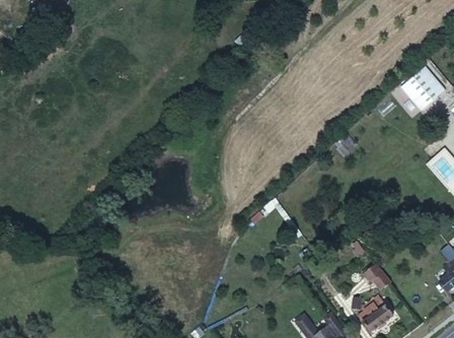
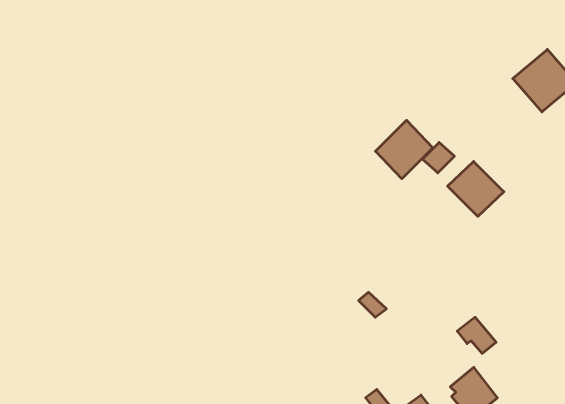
building: none -> [375,120,433,179]
building: none -> [448,161,504,216]

